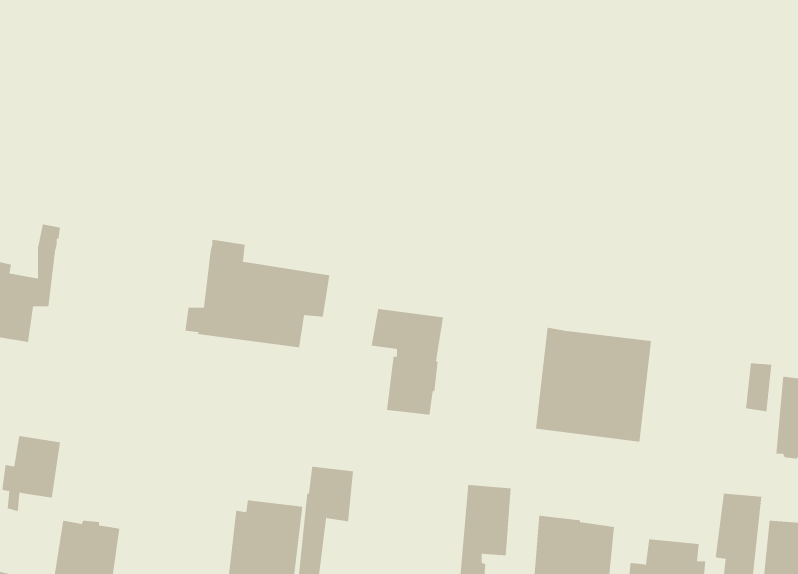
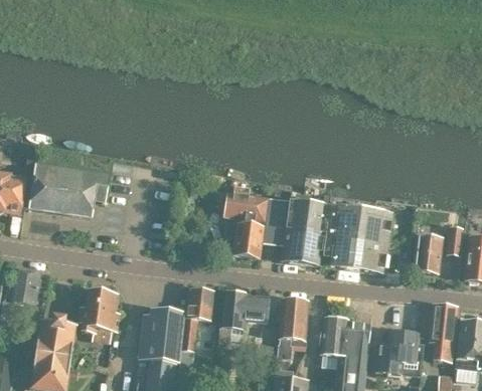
building: [185,239,330,348] -> [22,153,109,217]
building: none -> [263,198,329,265]
building: none -> [414,234,443,273]
building: none -> [77,288,120,344]
building: none -> [219,291,268,336]

